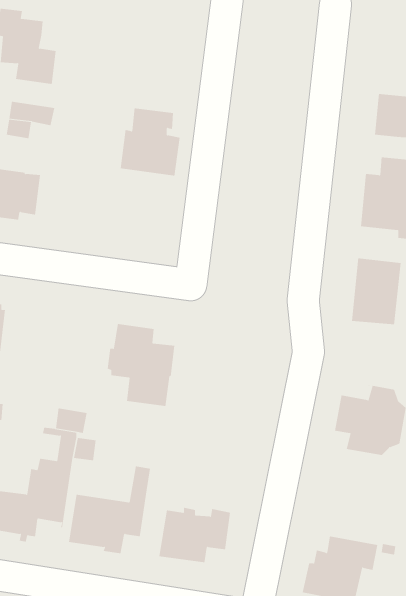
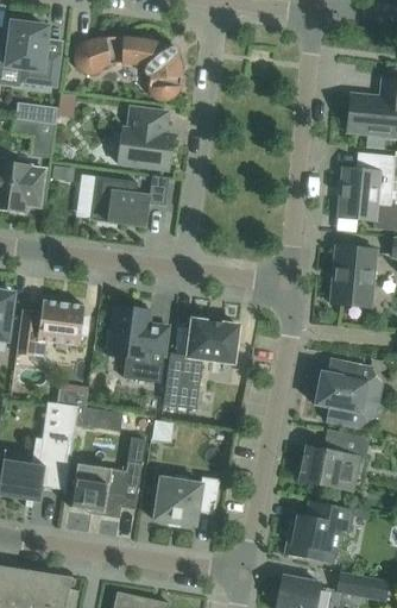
building: none -> [74,35,181,100]
building: none -> [87,175,168,227]
building: none -> [15,300,88,357]
building: none -> [162,319,238,409]
building: none -> [300,431,368,490]

